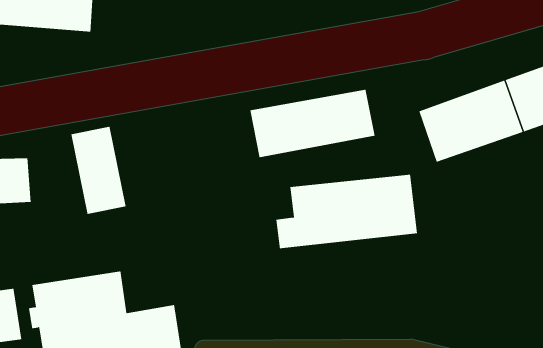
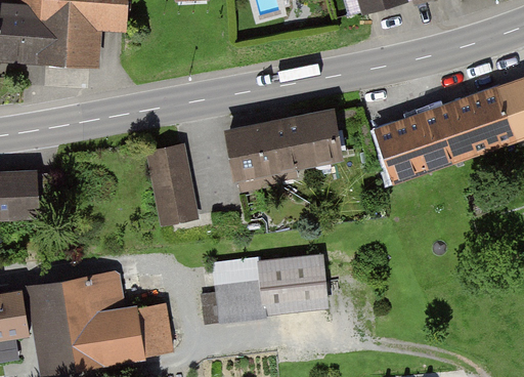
building: [71,126,127,215] -> [150,142,200,220]
building: [276,174,418,249] -> [202,255,326,321]

